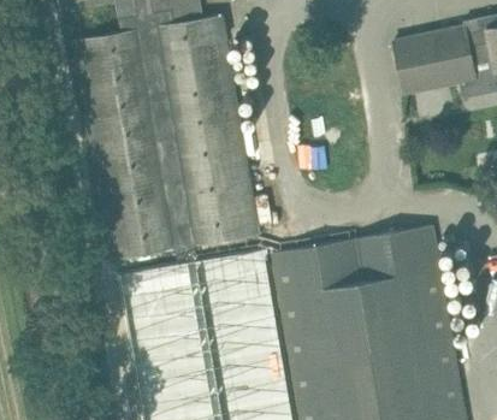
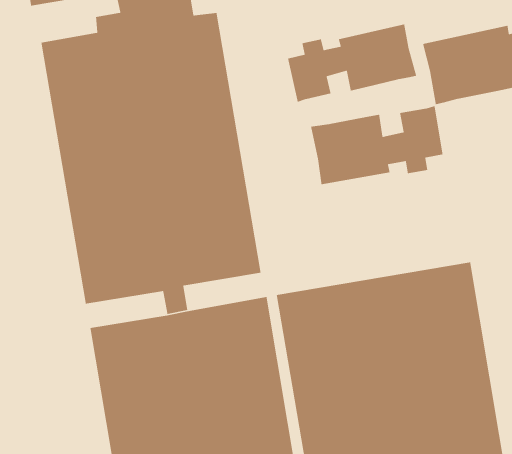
building: none -> [287,23,417,103]
building: none -> [310,105,443,185]

